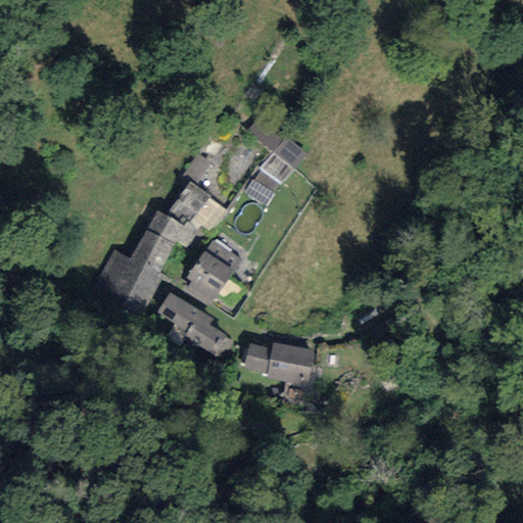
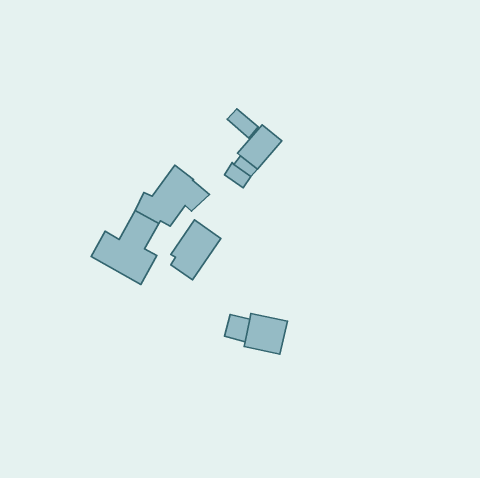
building: [157,292,224,350] -> none

